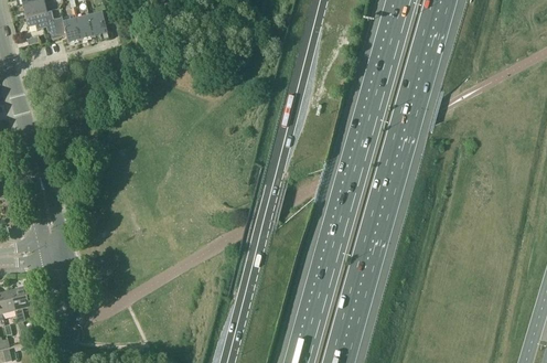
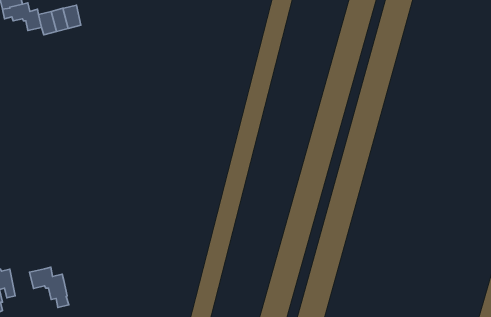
building: none -> [30,267,69,308]

